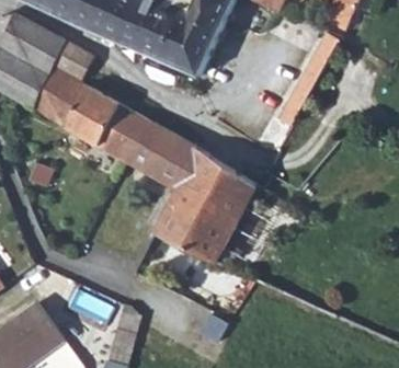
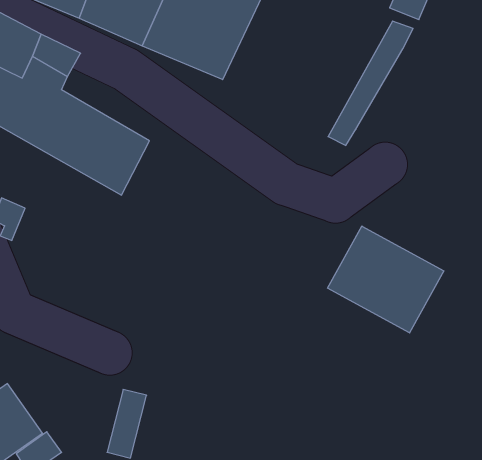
building: [124,120,258,264] -> none
building: none -> [328,226,444,333]

